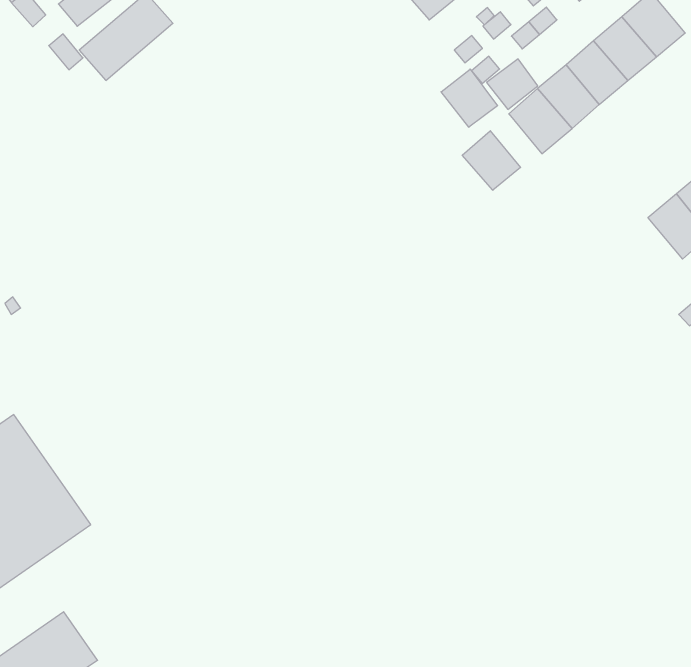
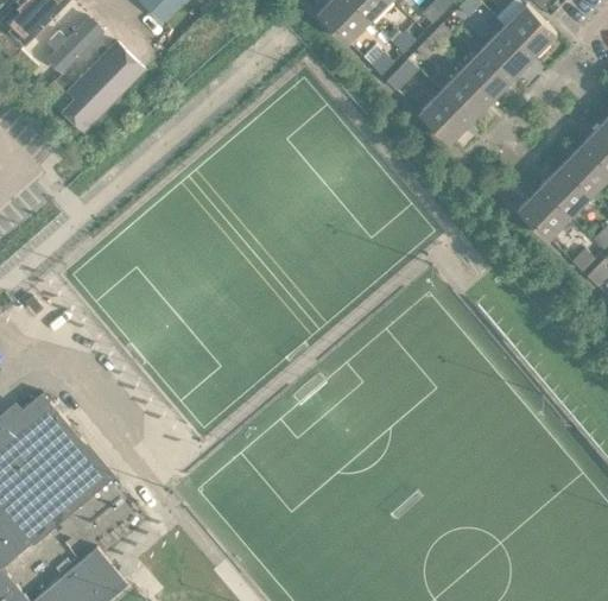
building: [441,69,498,127] -> none
building: [462,131,521,190] -> none
building: none -> [518,188,570,240]

